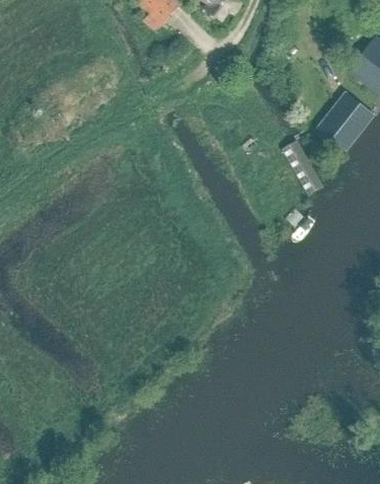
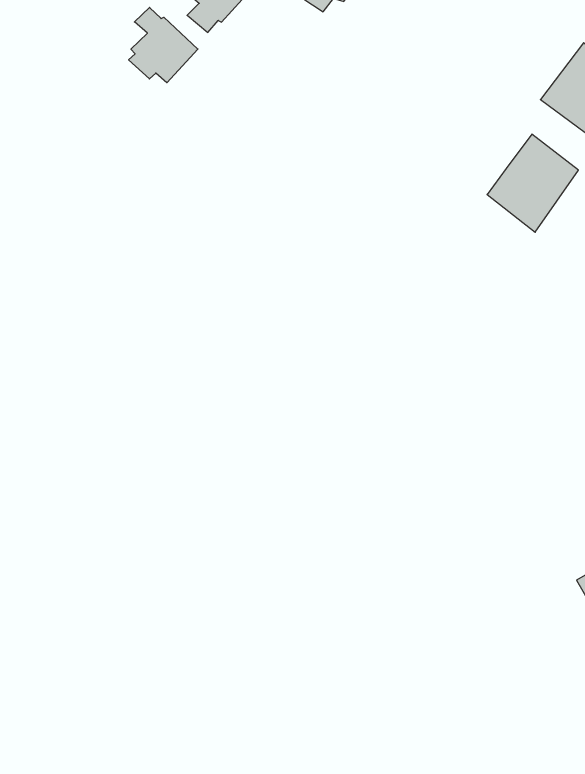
building: none -> [129,7,198,83]
building: [282,140,322,195] -> none

